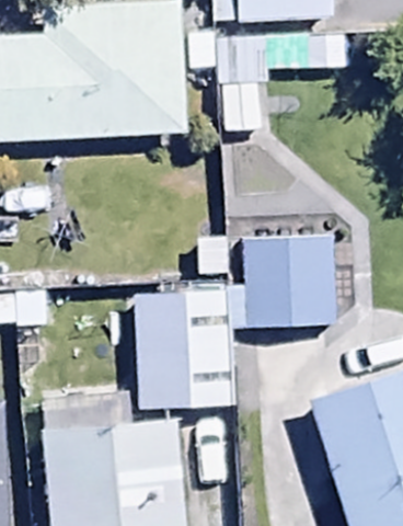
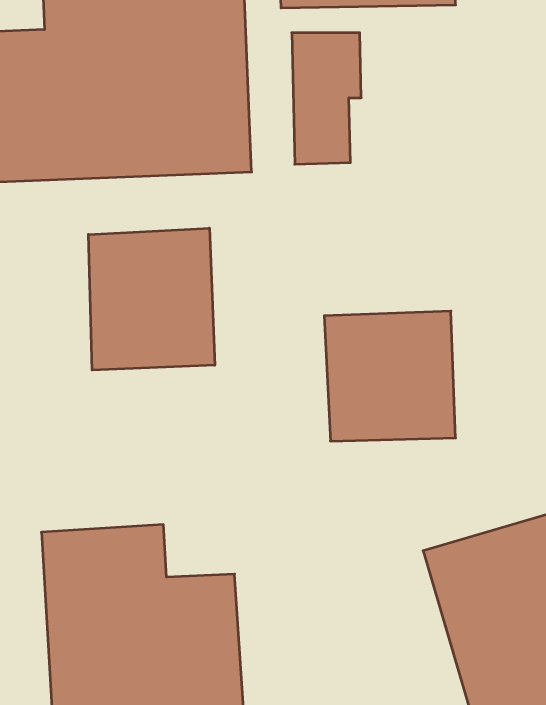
building: none -> [88,228,215,370]
building: [135,299,233,412] -> none

